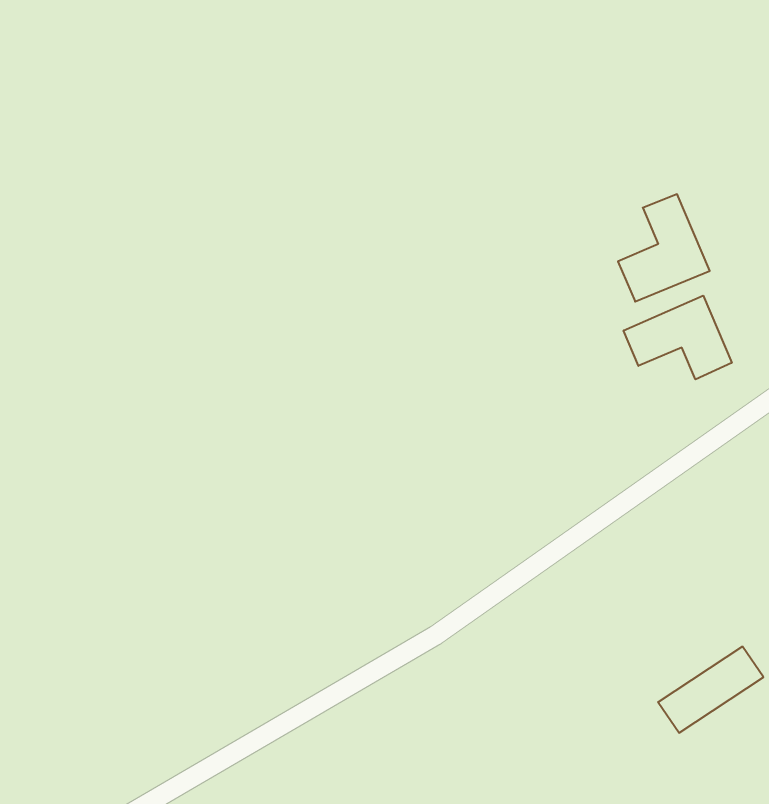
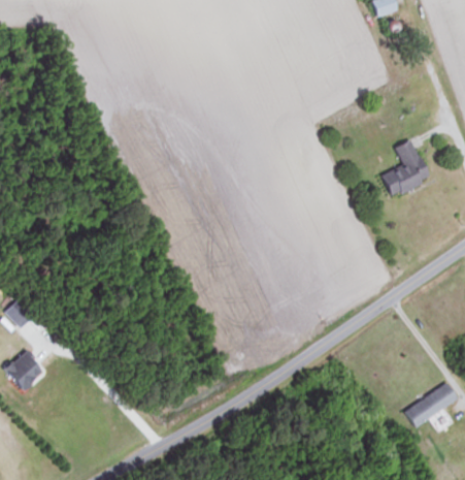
building: [624,296,732,379] -> none

